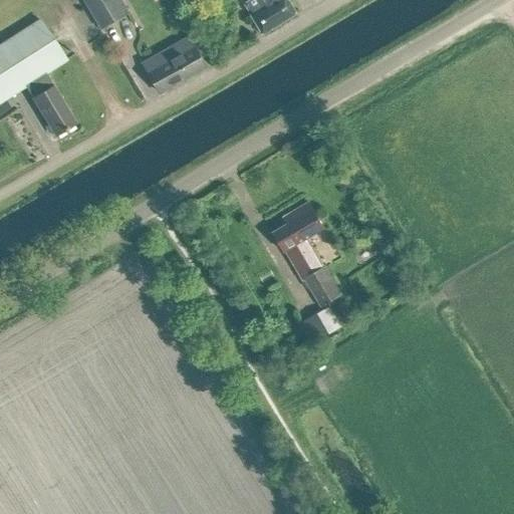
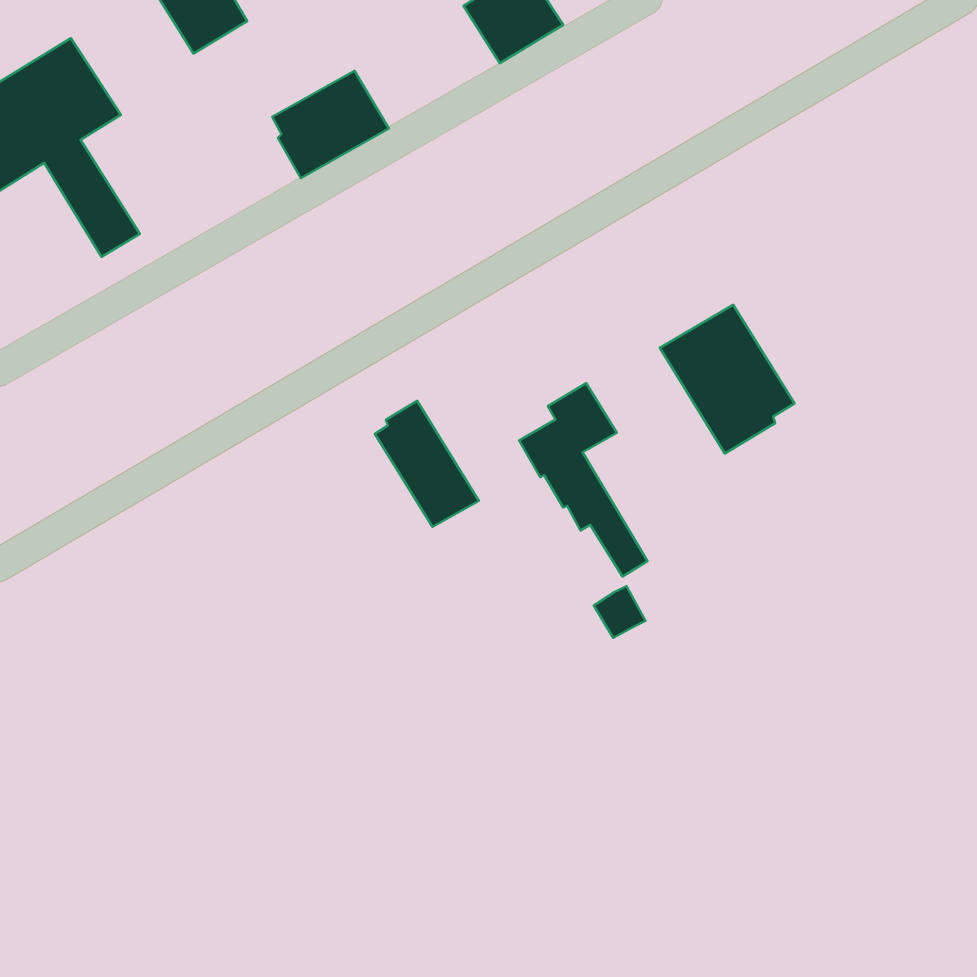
building: none -> [660,305,794,454]
building: none -> [375,401,479,527]

